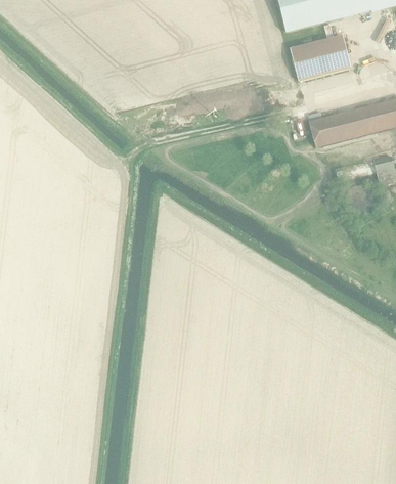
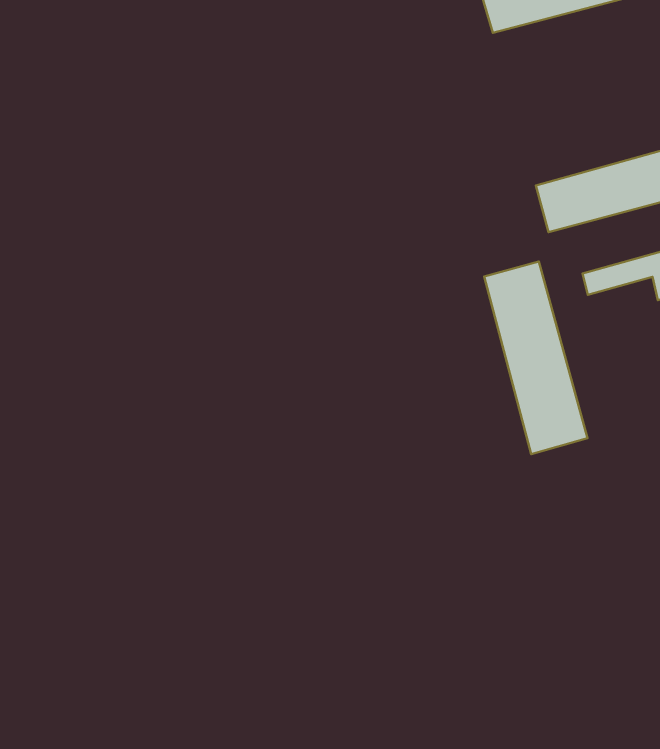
building: [291,32,350,79] -> none
building: none -> [484,262,588,454]

